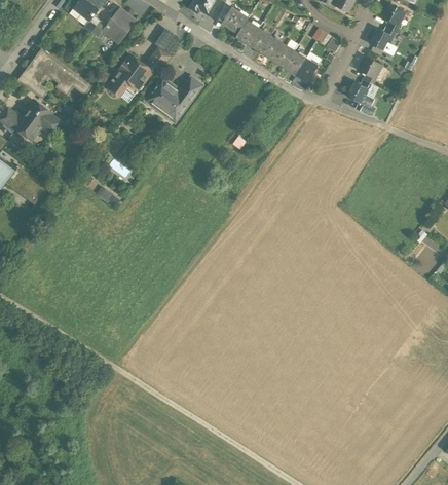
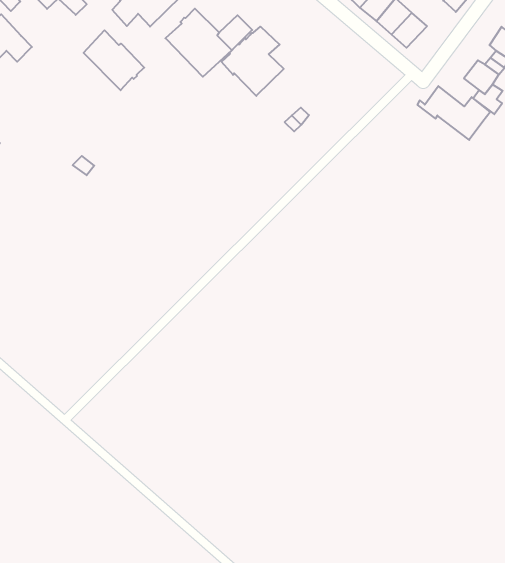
building: none -> [222,27,284,96]
building: none -> [84,30,144,90]
building: none -> [418,86,490,140]

